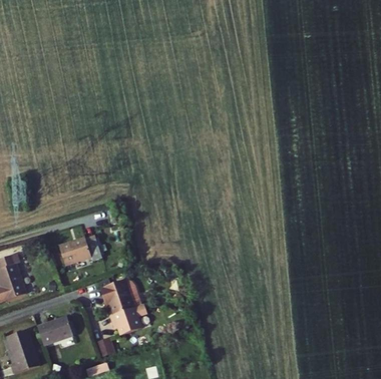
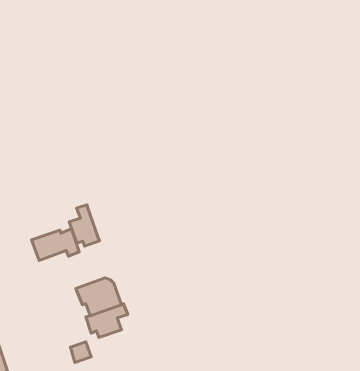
building: none -> [69,205,100,246]
building: [36,317,68,345] -> none

